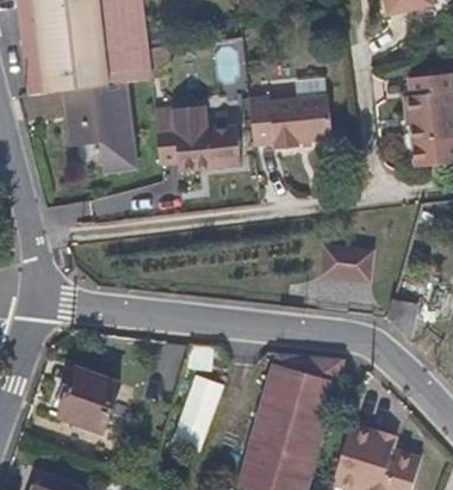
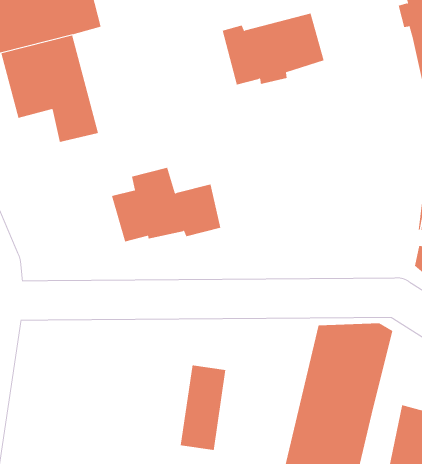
building: [155,103,244,163] -> [111,167,221,242]
building: [321,247,373,283] -> none
building: [55,367,118,430] -> none

